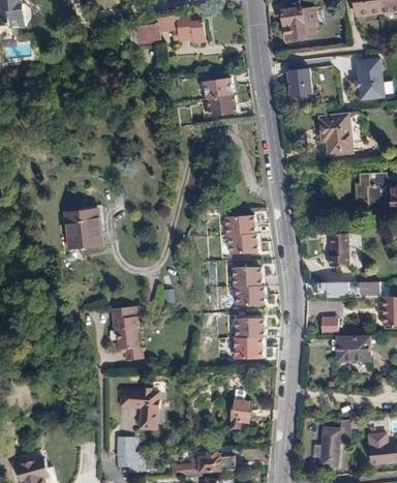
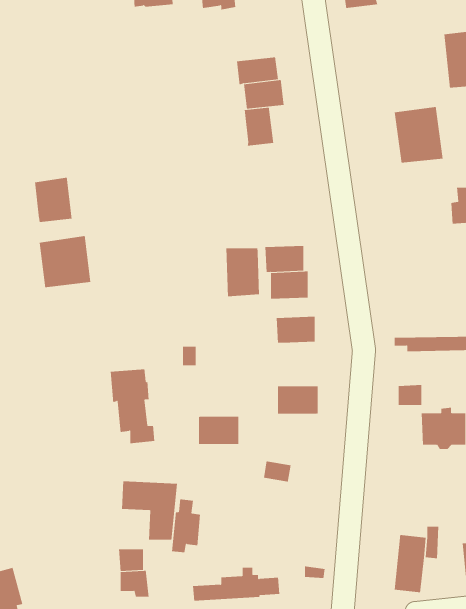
building: [288,69,312,95] -> none
building: none -> [244,107,274,146]
building: none -> [34,177,72,223]
building: none -> [226,247,259,297]
building: [329,232,349,266] -> none
building: [237,285,265,306] -> none
building: [233,338,263,359] -> [198,416,239,445]
building: [230,390,251,429] -> [171,499,201,553]

